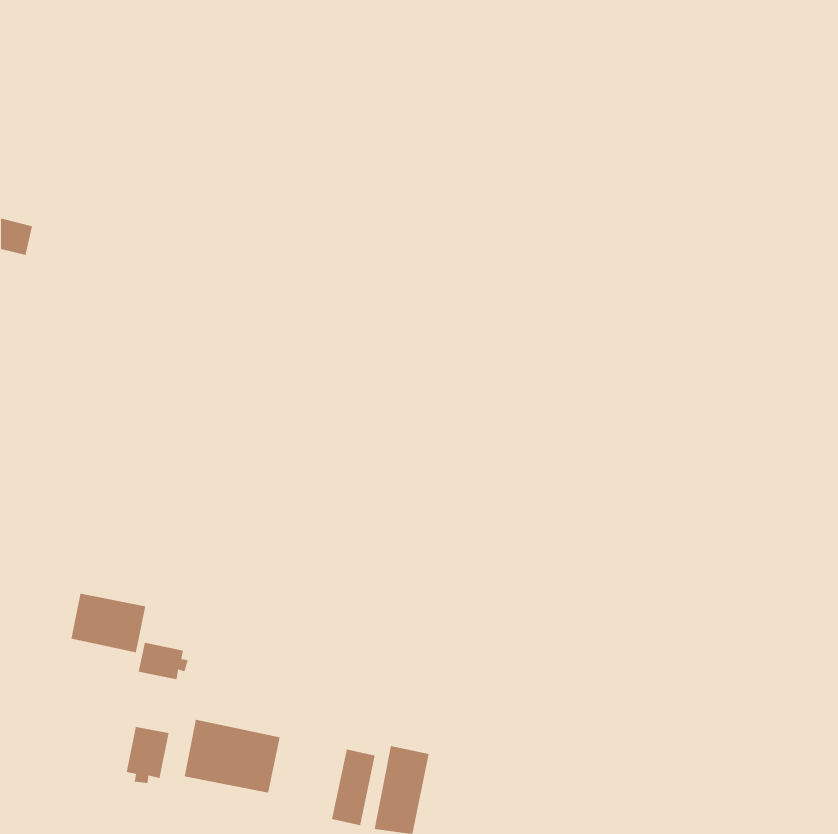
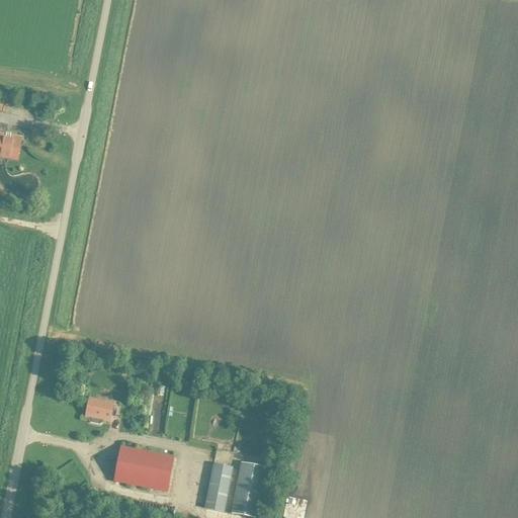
building: [71,593,146,653] -> none
building: [126,726,169,784] -> none

